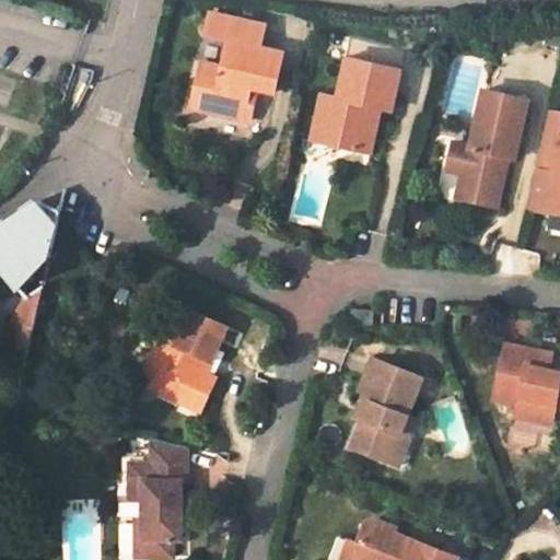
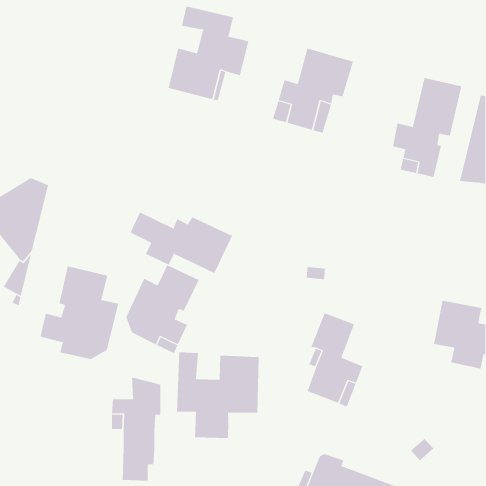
building: none -> [130,211,233,274]
building: none -> [40,265,119,360]
building: none -> [177,352,259,439]

